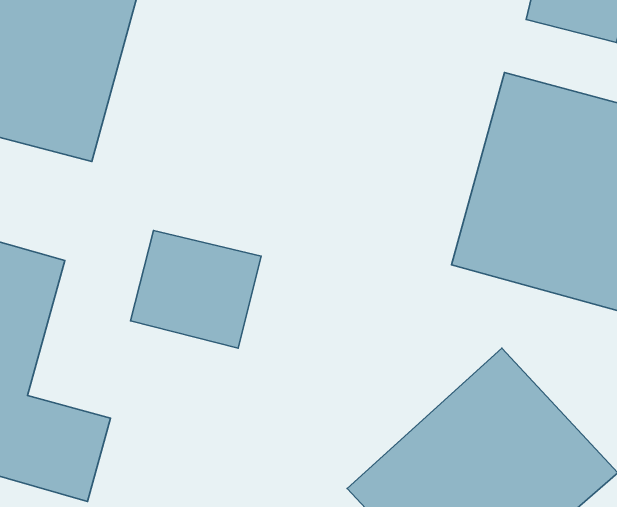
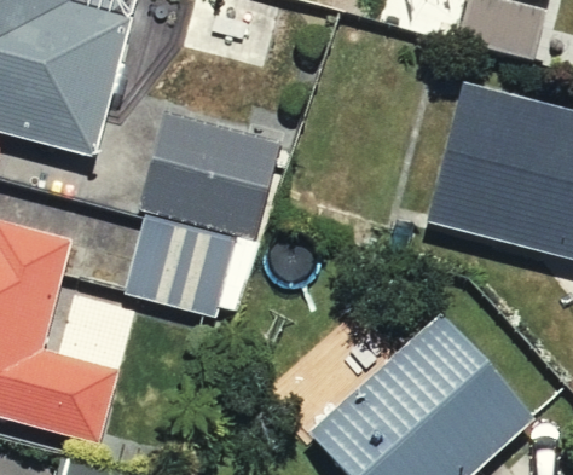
building: none -> [140,108,284,236]

